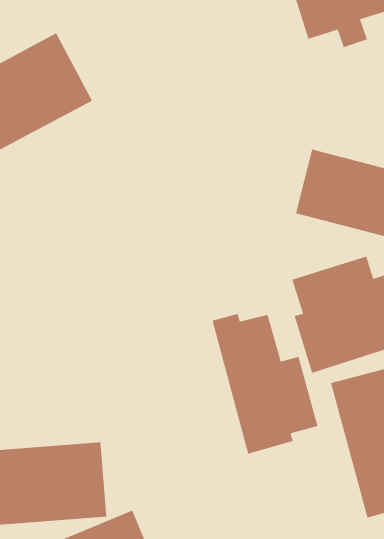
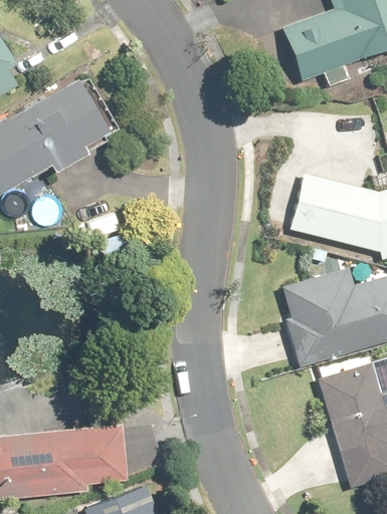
building: [212,313,318,455] -> none

